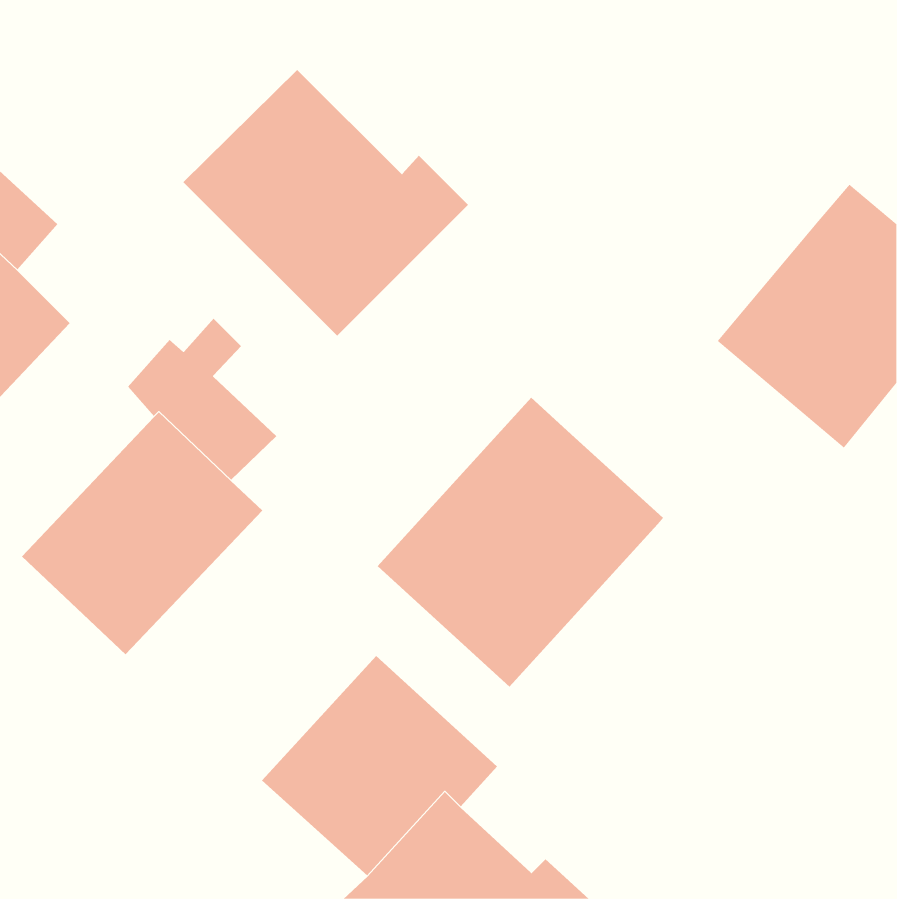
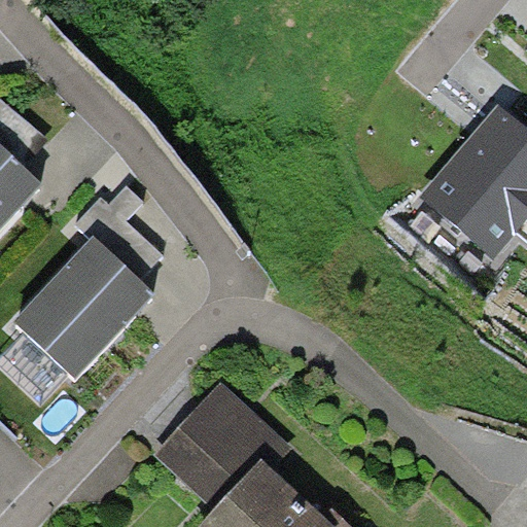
building: [183,69,469,336] -> none
building: [377,397,664,687] -> none

